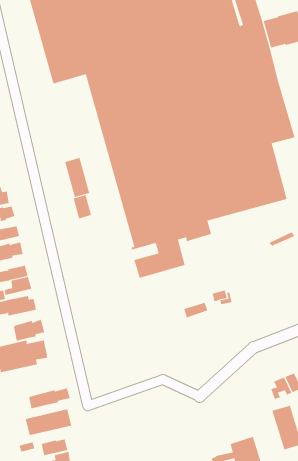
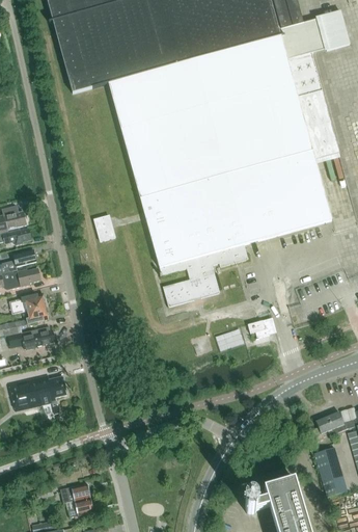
building: [65,157,90,198] -> none
building: [13,319,45,342] -> none
building: [29,387,70,409] -> none
building: [25,409,72,436] -> none

